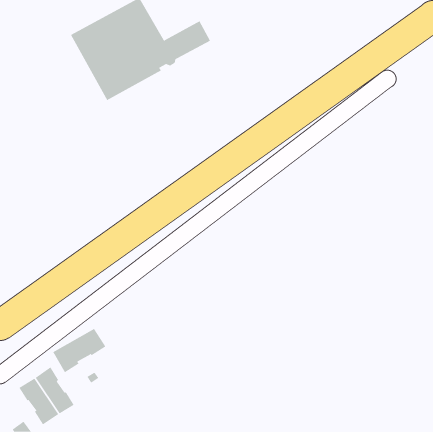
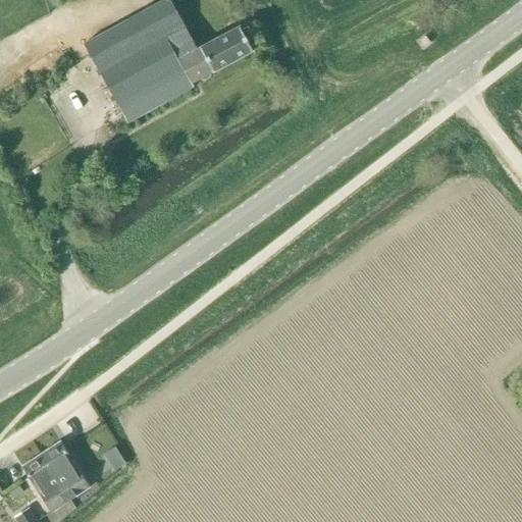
building: [53,328,106,373] -> none

